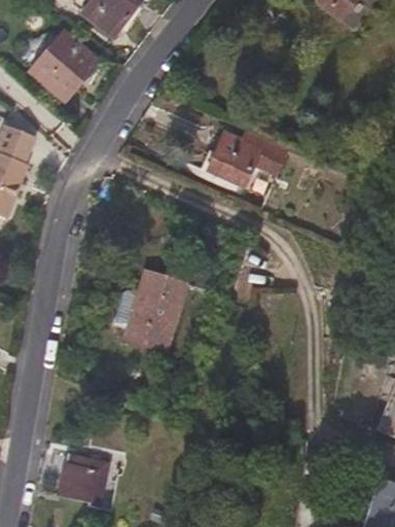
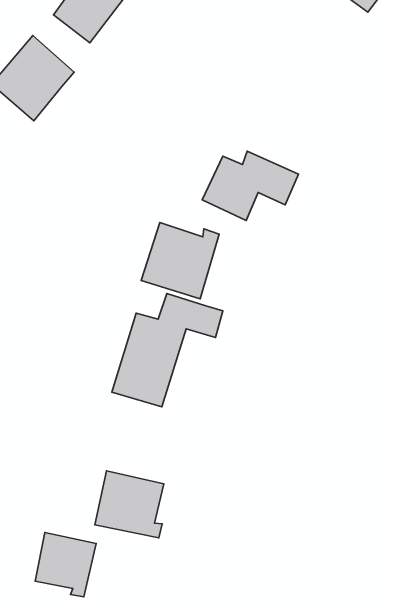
building: none -> [141,223,219,299]
building: none -> [95,471,164,538]

